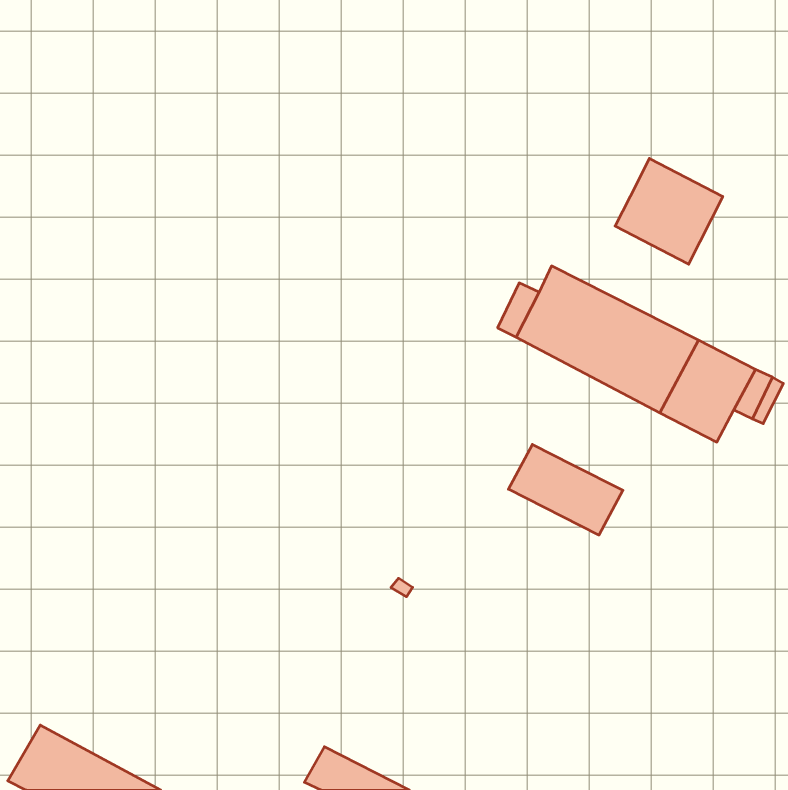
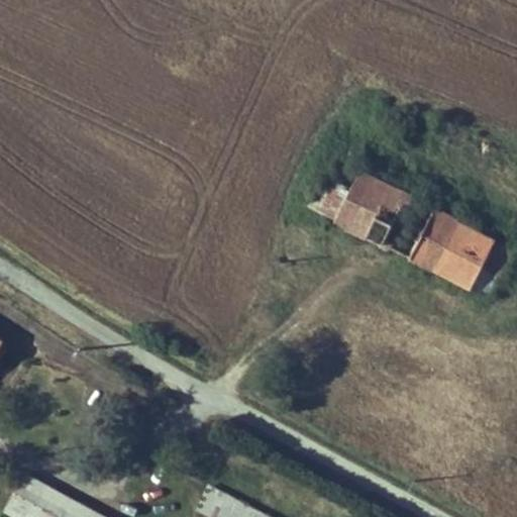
building: [615,158,723,264] -> none
building: [508,444,623,535] -> none

